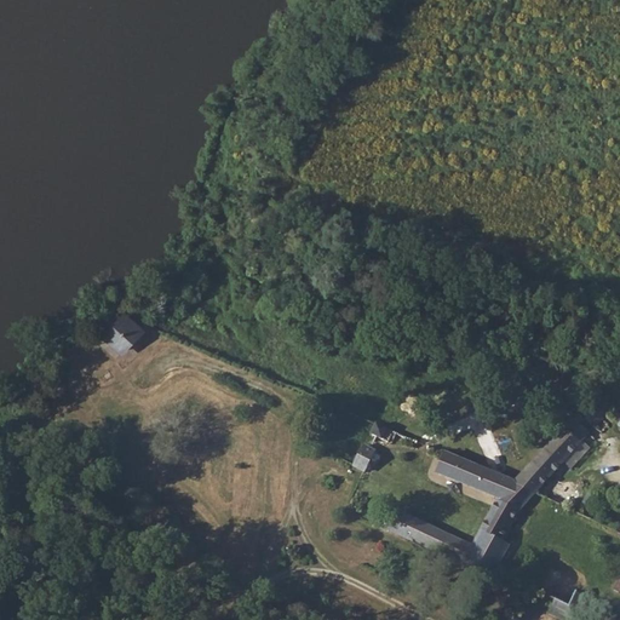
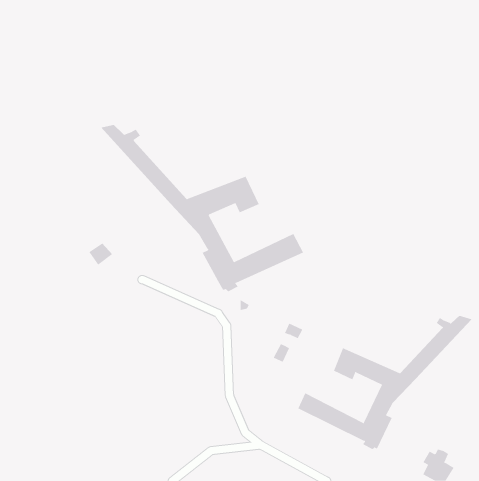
building: none -> [100,124,304,292]

